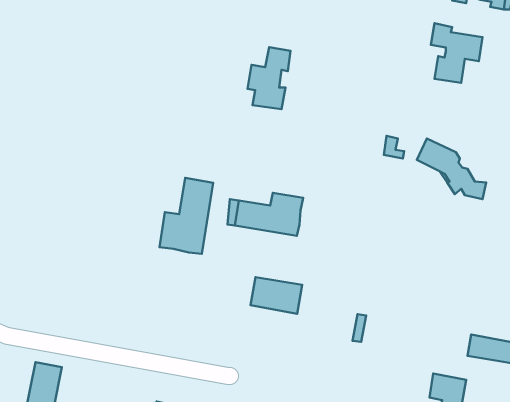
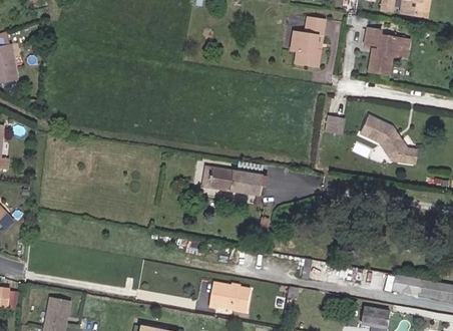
building: [248,47,290,109] -> [291,17,325,66]
building: [159,178,213,254] -> none
building: [251,277,302,314] -> [211,283,253,312]

